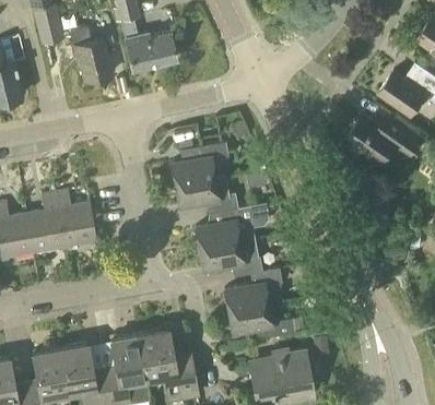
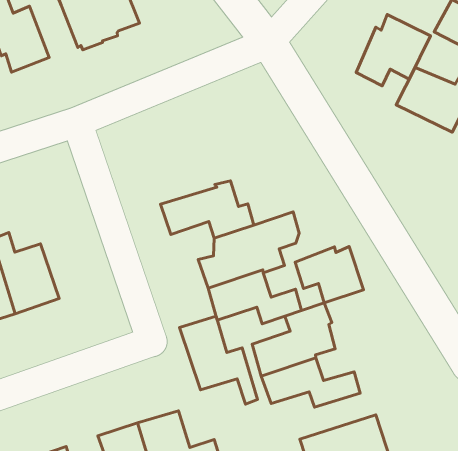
building: none -> [356,14,430,86]
building: [172,142,228,186] -> none
building: none -> [295,247,363,303]
building: none -> [180,316,258,404]

